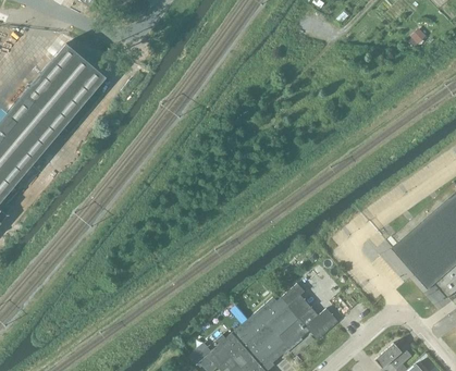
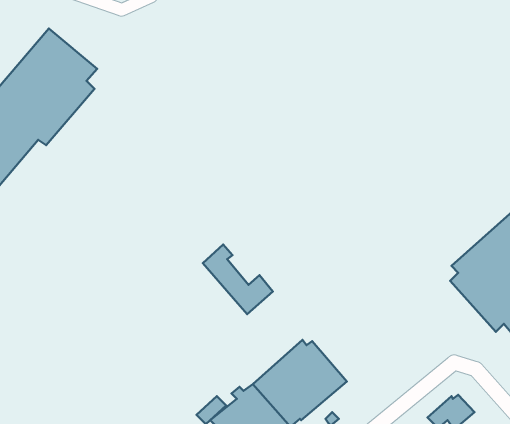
building: [280,283,336,339] -> [203,244,273,314]

